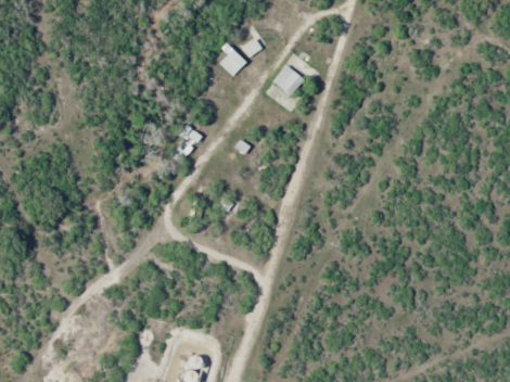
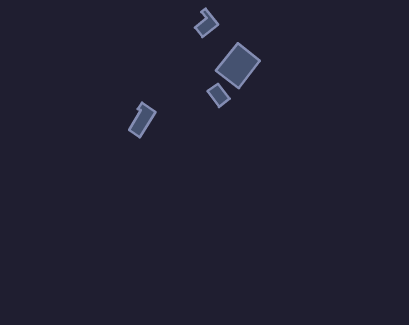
building: [218,42,246,76] -> none

